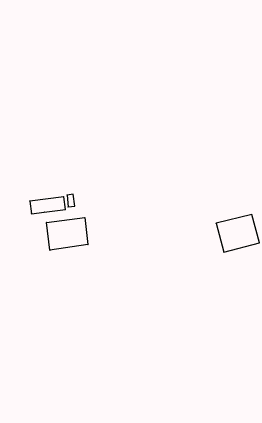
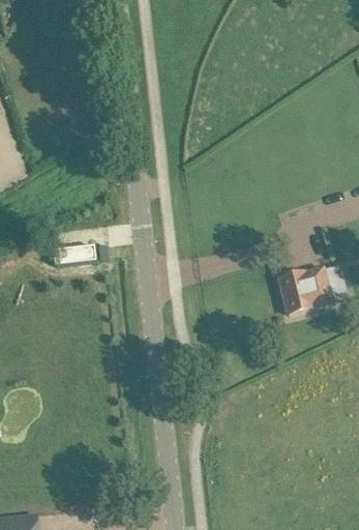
building: [47,218,88,250] -> none

